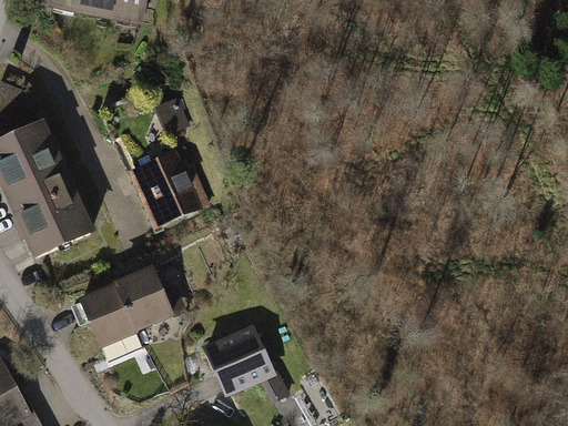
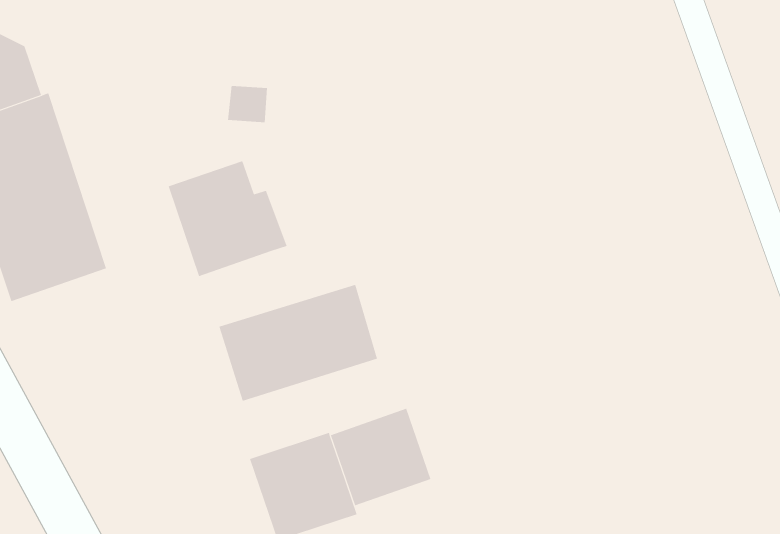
building: [72,267,180,353] -> [218,284,378,401]
building: none -> [330,408,431,506]

